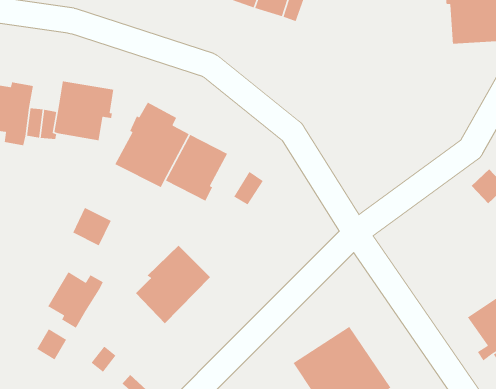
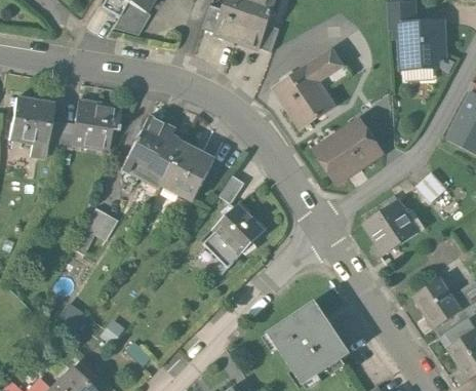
building: none -> [272,46,346,127]
building: none -> [315,118,382,183]
building: none -> [362,194,424,257]
building: [135,245,211,324] -> [203,202,266,268]
building: [47,271,104,329] -> none

